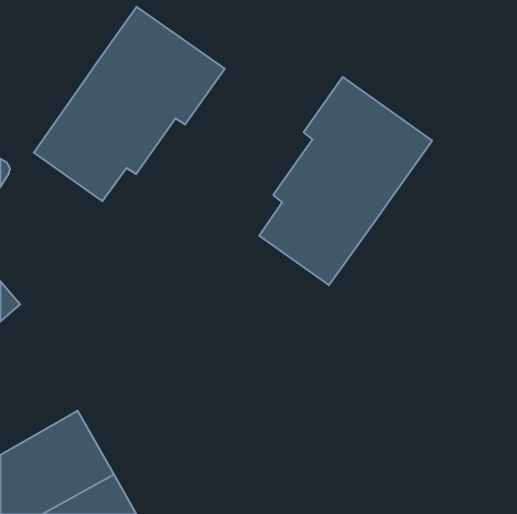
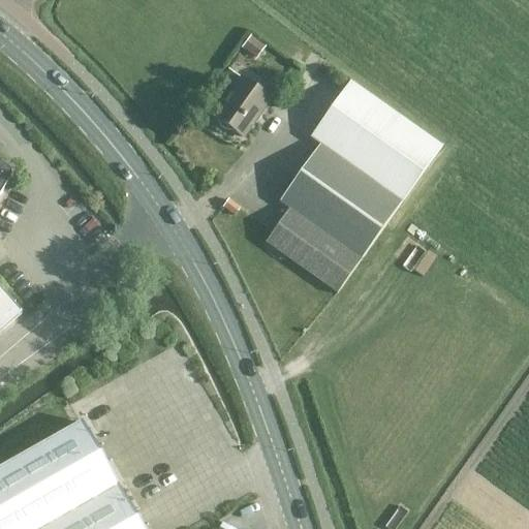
building: [34,7,225,201] -> none
building: none -> [214,77,268,134]

